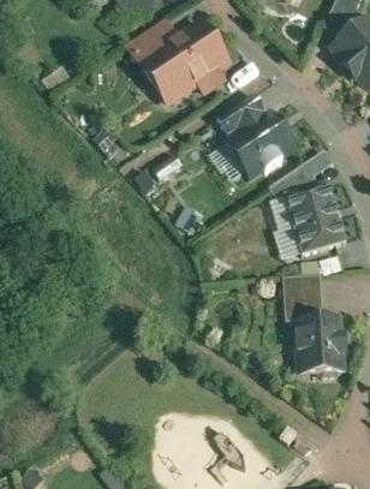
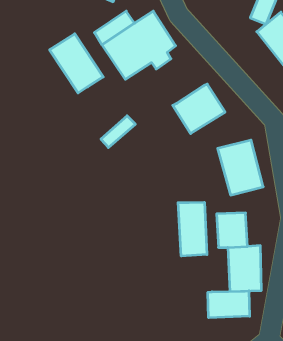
building: none -> [50,34,103,93]
building: [219,95,265,136] -> none
building: none -> [178,202,207,256]
building: none -> [208,291,250,318]

